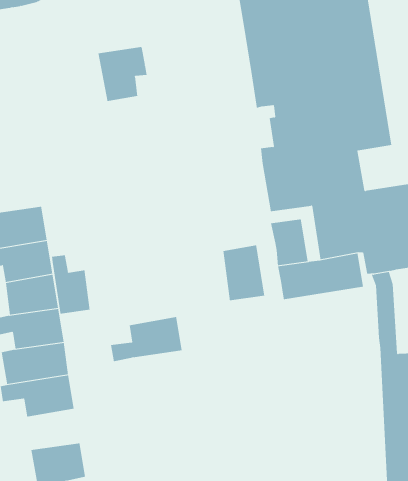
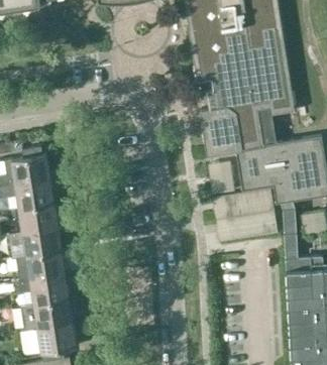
building: [98,46,147,102] -> none
building: [223,244,265,301] -> none
building: [51,254,90,315] -> none
building: [110,317,183,362] -> [20,294,72,327]

